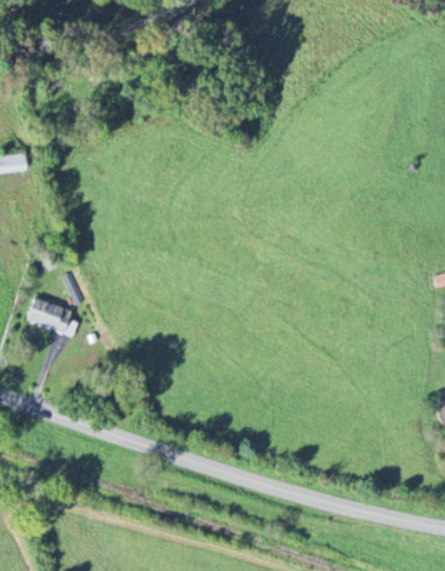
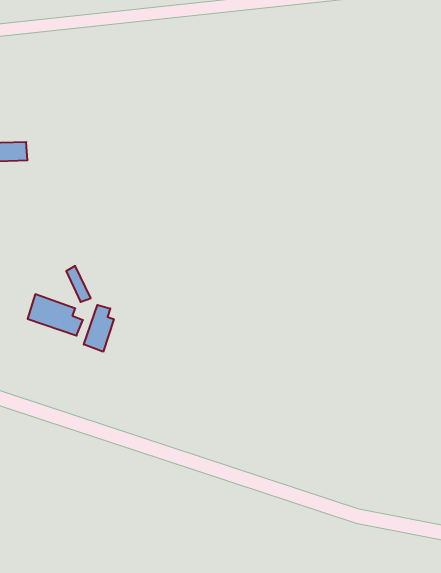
building: none -> [84,305,114,352]

